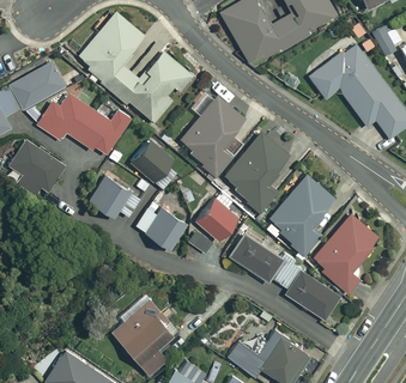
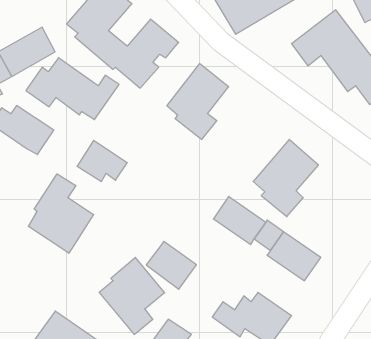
building: [224,133,292,213] -> none
building: [129,140,176,188] -> none
building: [195,199,238,242] -> none
building: [135,201,187,250] -> [146,241,196,289]
building: none -> [28,174,94,253]
building: [314,214,380,293] -> none

